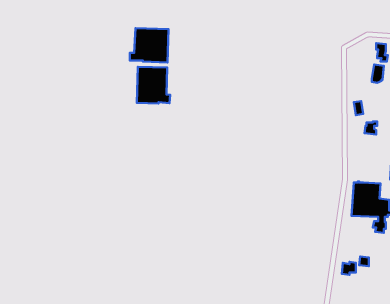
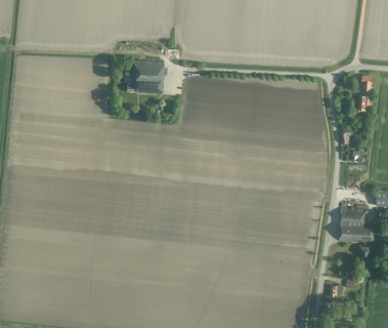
building: [137,67,170,103] -> none

